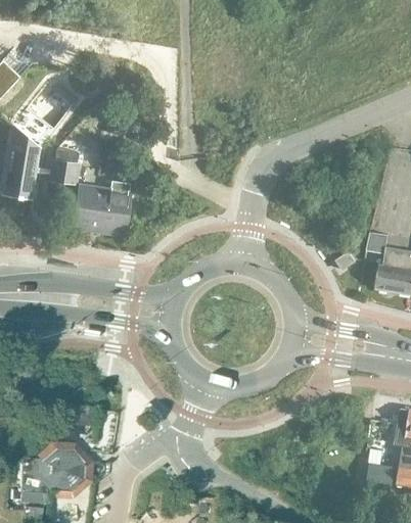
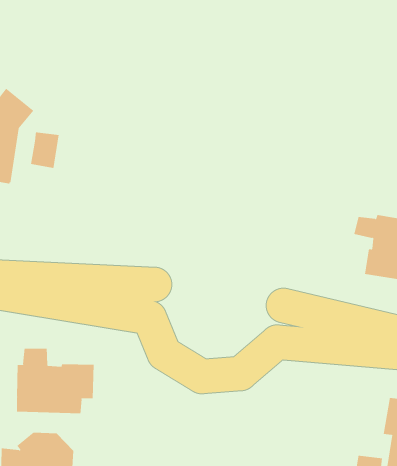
building: [70,184,129,235] -> none
building: none -> [17,348,94,414]

